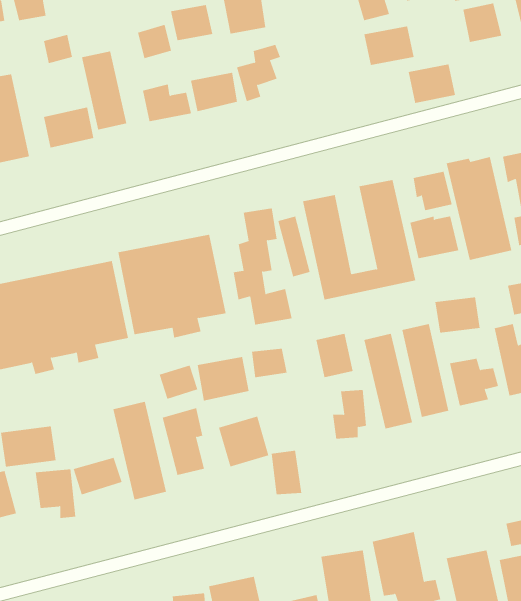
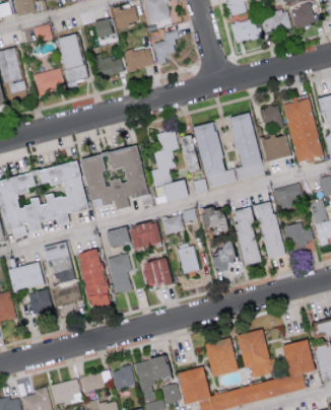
building: [408,64,456,103] -> [263,10,292,35]
building: none -> [43,242,74,284]
building: [271,450,302,495] -> [180,245,199,272]

